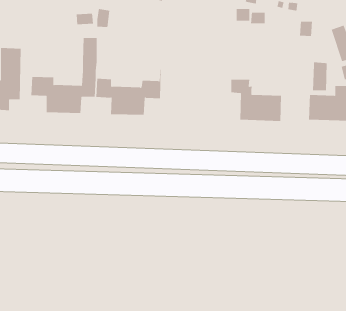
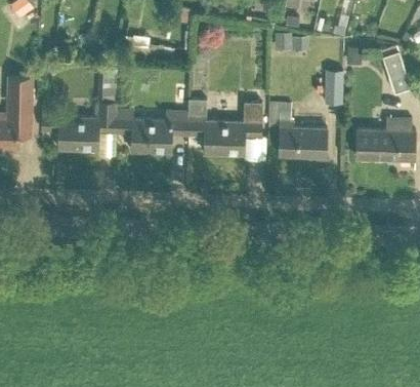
building: [312,62,328,91] -> [325,70,342,103]
building: none -> [190,99,262,156]

